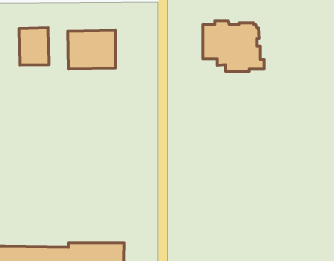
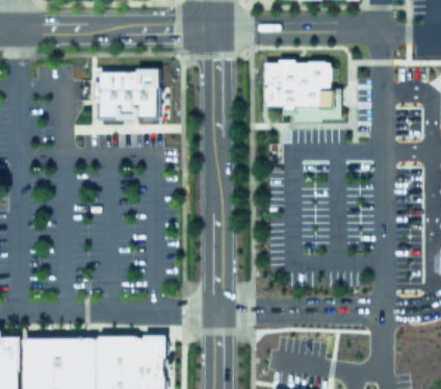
building: [19,28,49,65] -> none

